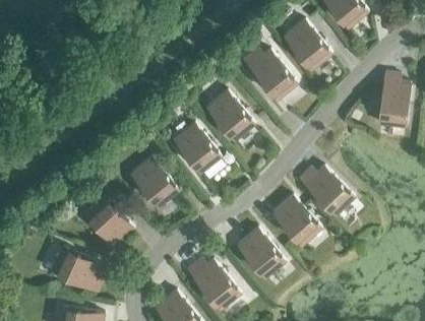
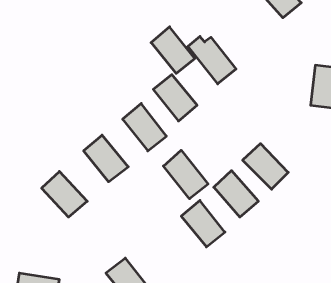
building: [285,19,332,70] -> [151,27,195,73]
building: none -> [163,150,208,199]
building: [52,247,103,290] -> none
building: [193,259,241,310] -> none

